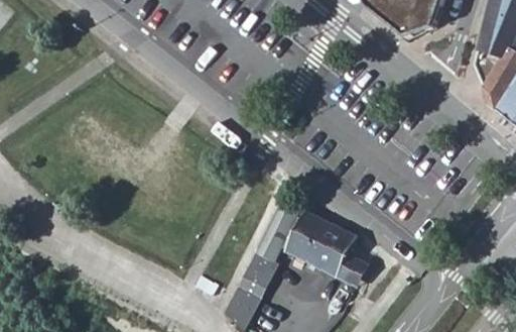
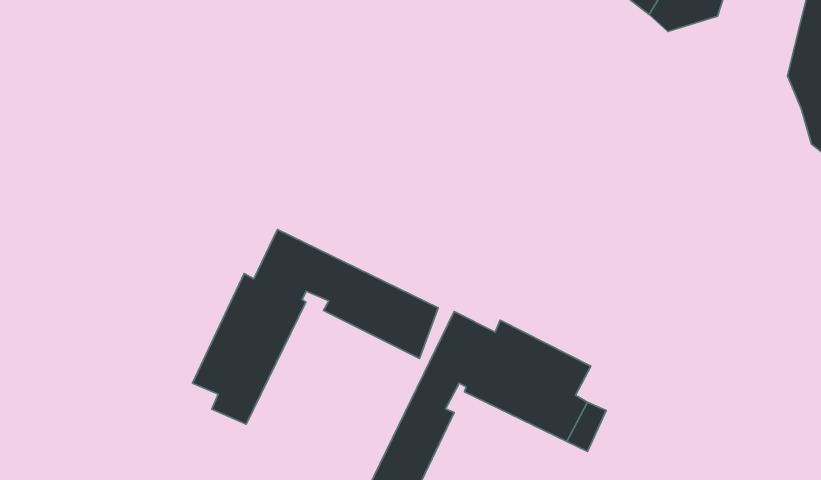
building: none -> [193,230,438,424]

